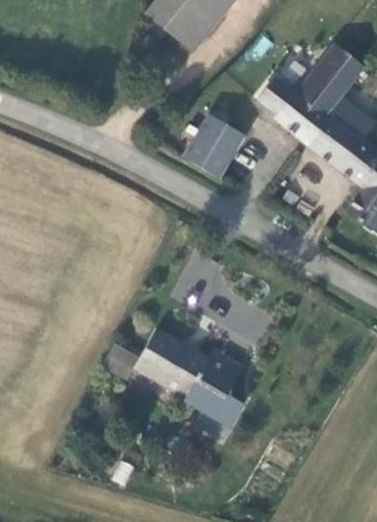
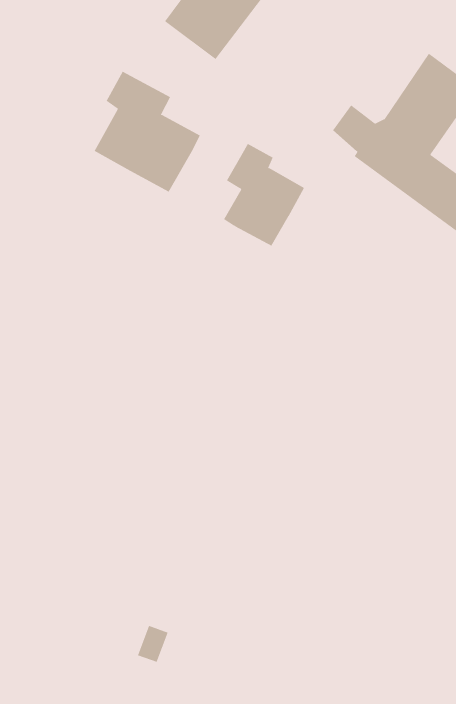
building: none -> [94,71,201,193]
building: [113,330,255,415] -> none

